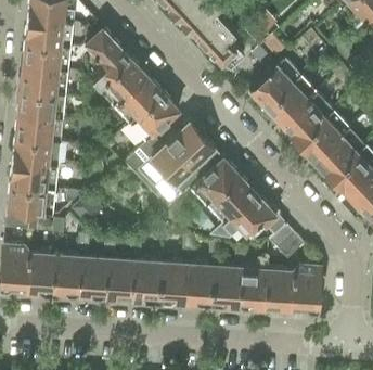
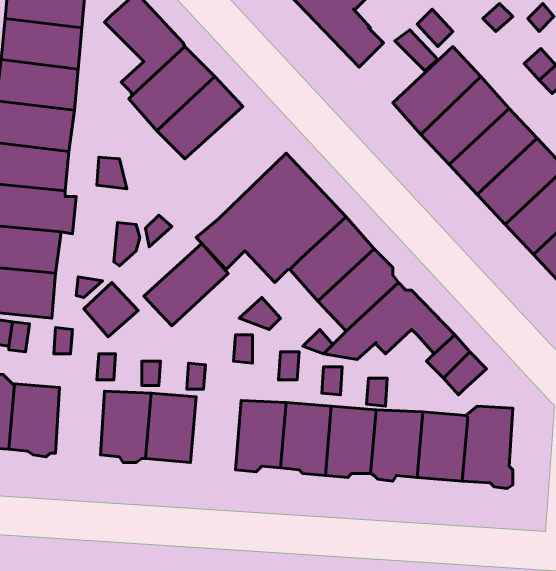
building: [129,92,178,140] -> [144,244,228,326]
building: [54,255,82,296] -> none
building: [132,260,162,303] -> none

